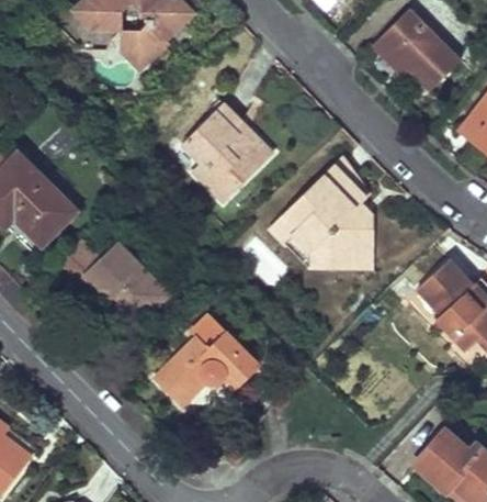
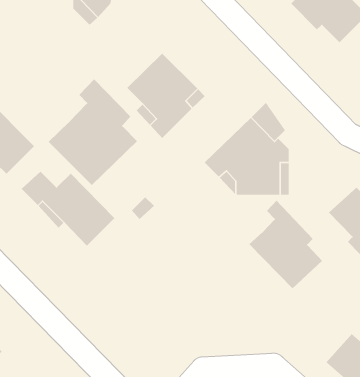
building: none -> [48,78,138,186]
building: none -> [249,200,323,289]
building: [152,313,260,406] -> none

